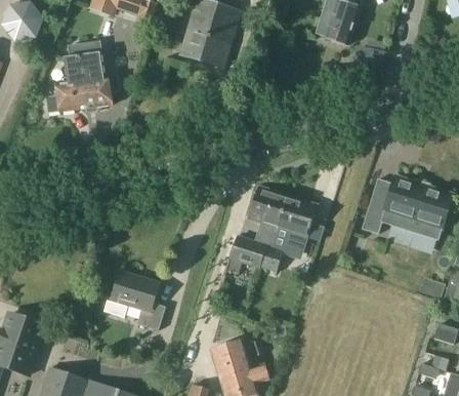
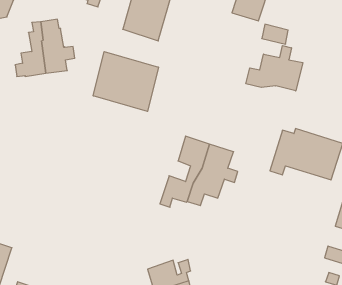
building: none -> [246,46,303,91]
building: none -> [93,52,158,111]
building: [103,270,166,330] -> none

